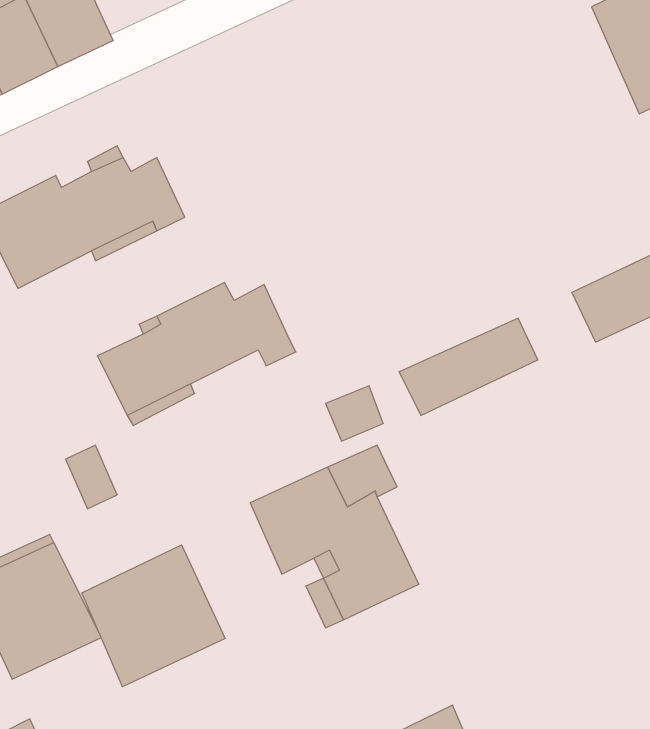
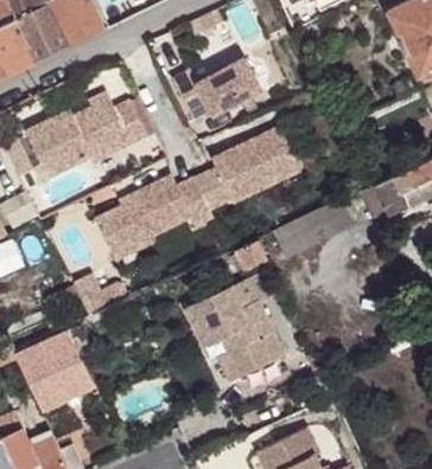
building: none -> [172,57,262,118]
building: none -> [193,123,299,210]
building: [82,545,225,687] -> none

